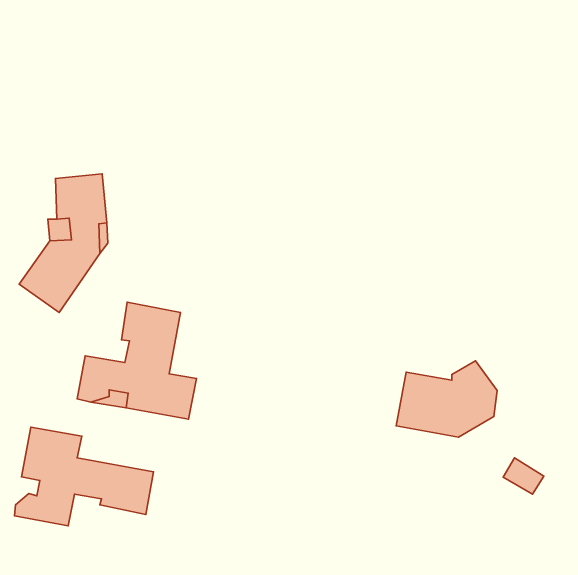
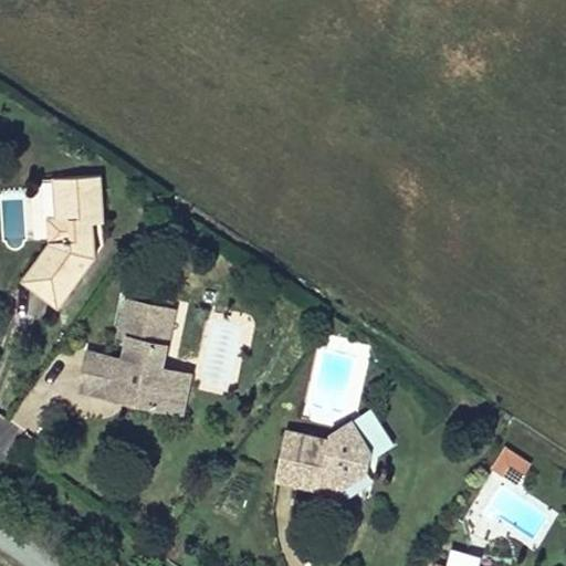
building: [396,361,497,437] -> [274,419,373,493]
building: [15,427,153,526] -> none

